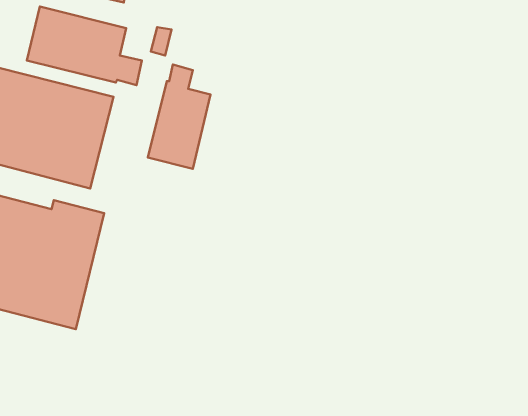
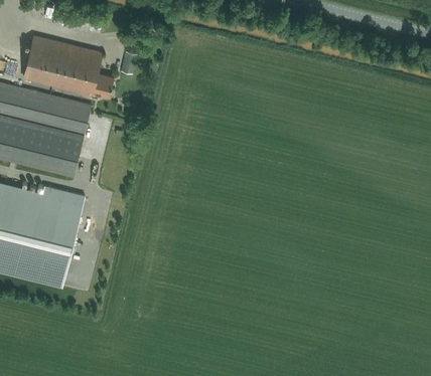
building: [148,65,211,169] -> none

